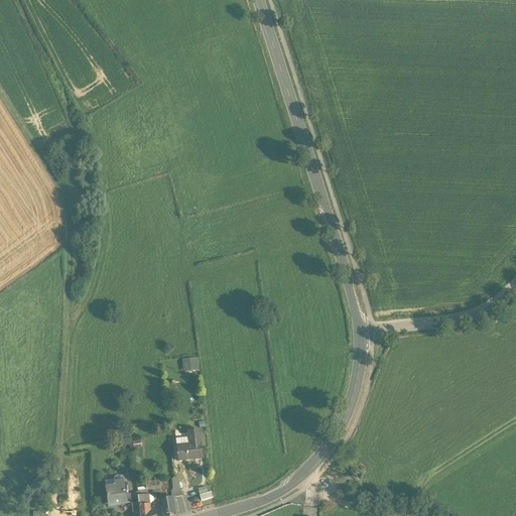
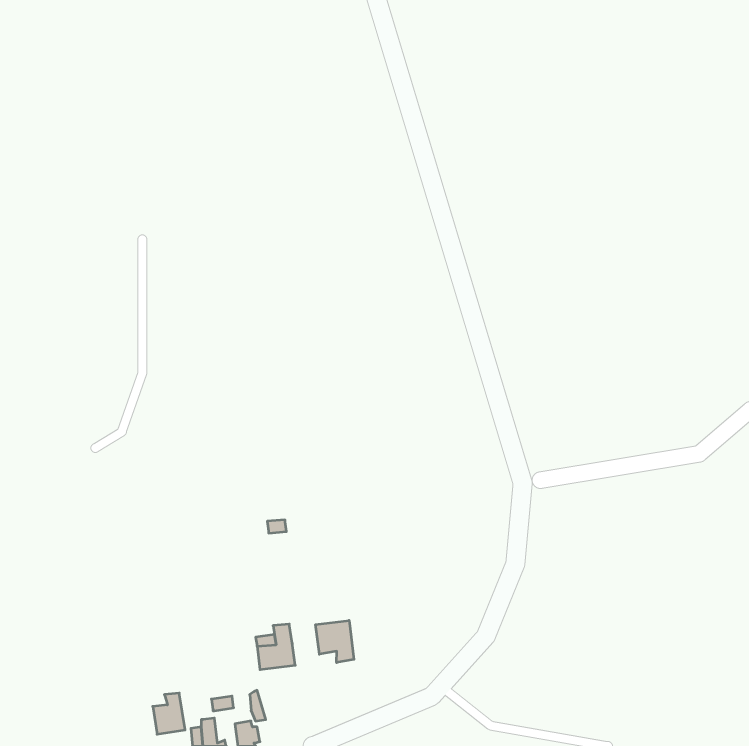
building: none -> [316,620,354,663]

